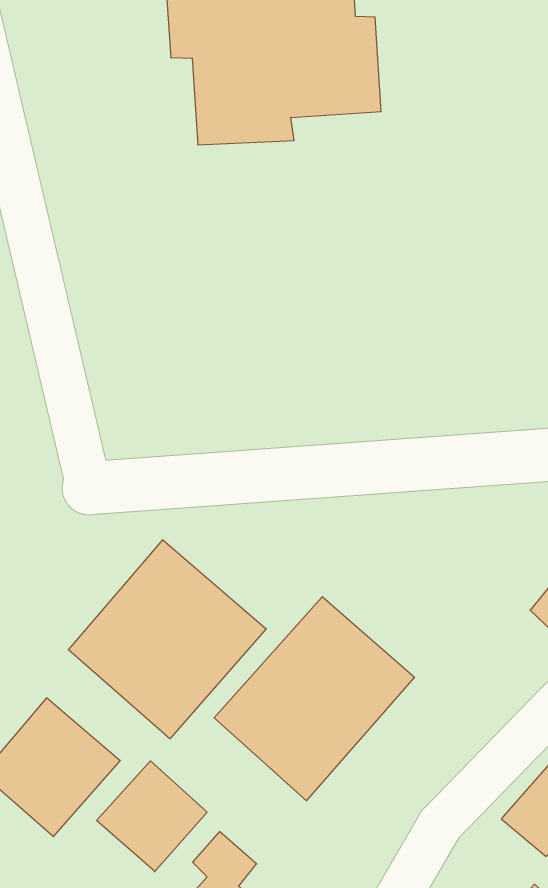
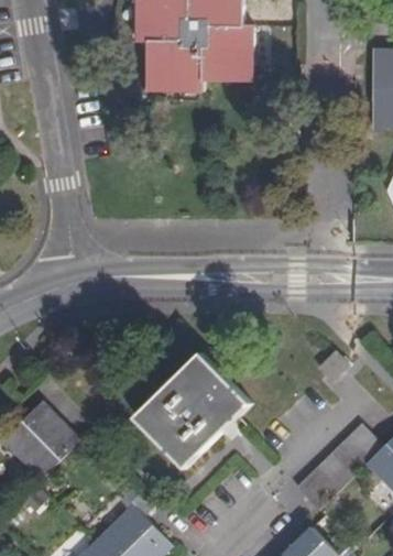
building: [68,540,266,739] -> none
building: [97,761,207,872] -> none

